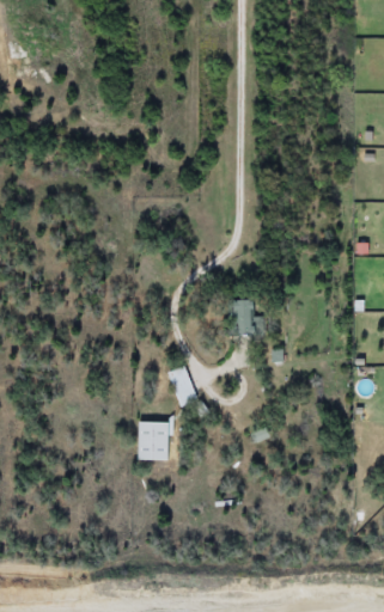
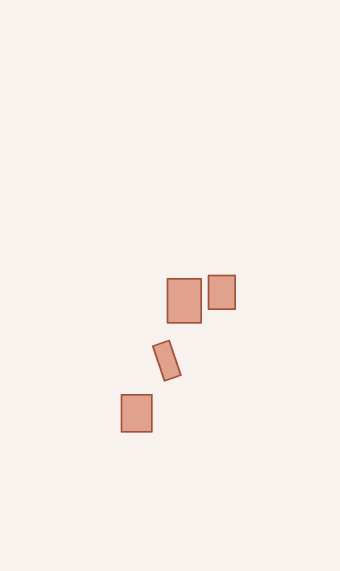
building: none -> [168,279,201,323]

